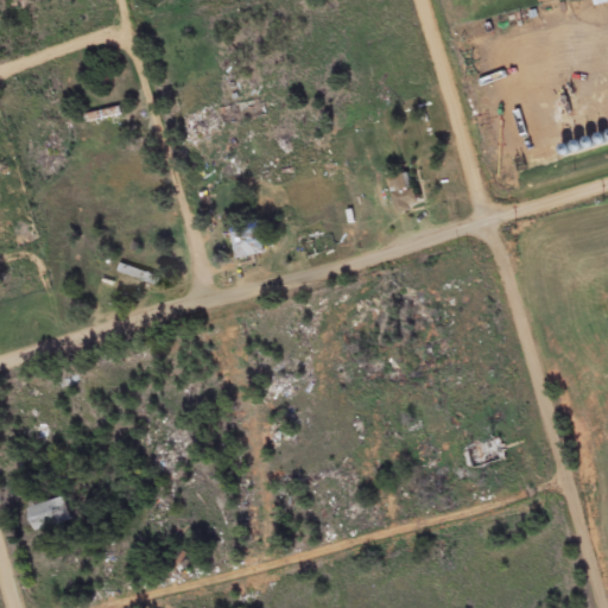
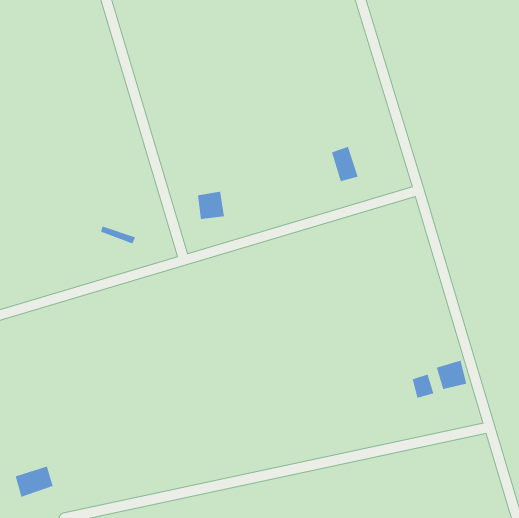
building: none -> [436,360,467,390]
building: [25,494,70,531] -> [15,466,54,497]

